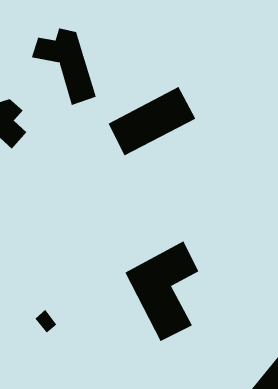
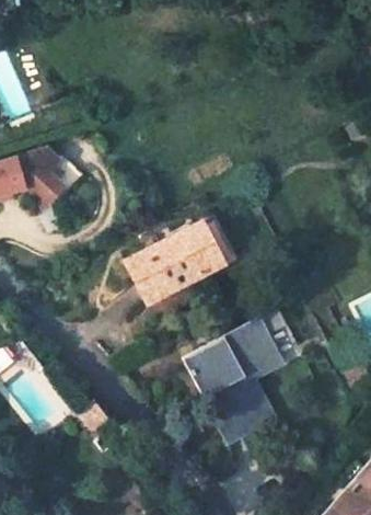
building: [31,28,97,106] -> none
building: [108,86,196,156] -> [129,215,235,299]

